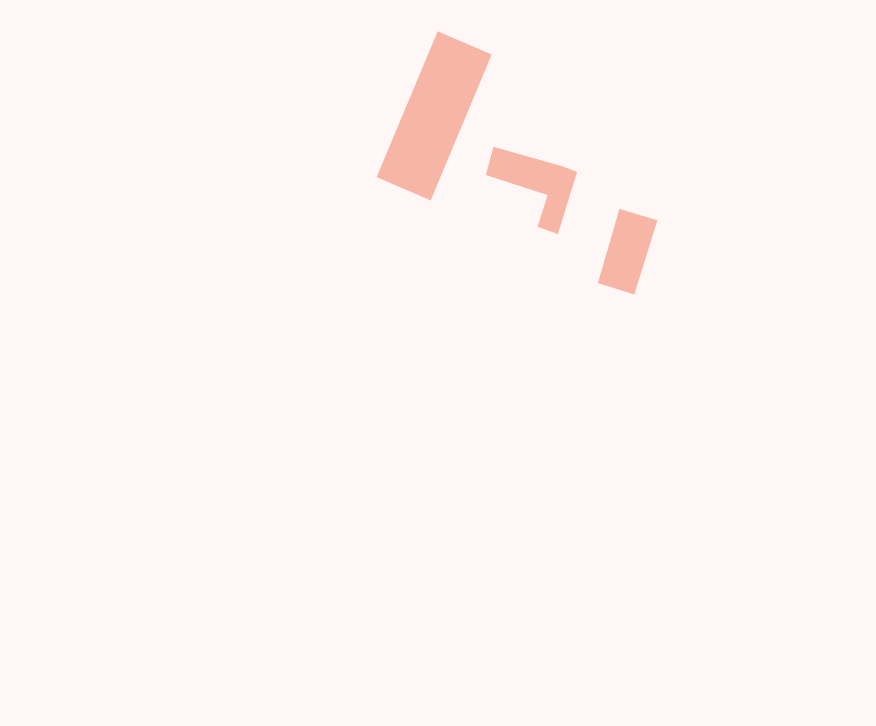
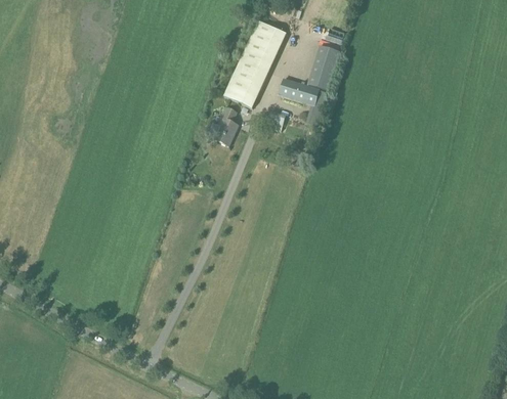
building: none -> [215,106,240,145]
building: [597,208,659,295] -> [309,45,341,90]

